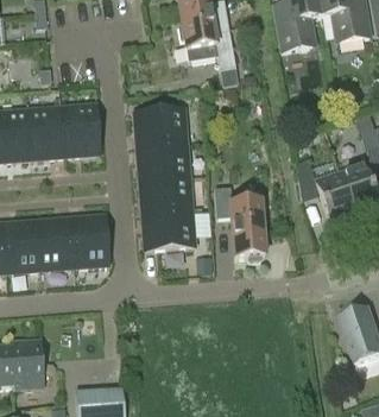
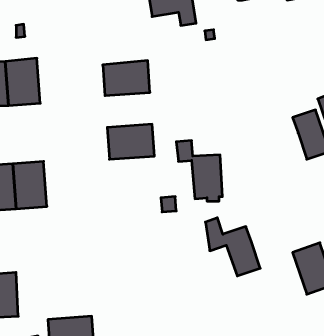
building: [63,103,100,154] -> none
building: [137,143,188,181] -> none
building: [296,160,355,223] -> [205,218,260,276]
building: [141,211,194,249] -> none
building: [70,215,108,266] -> none

